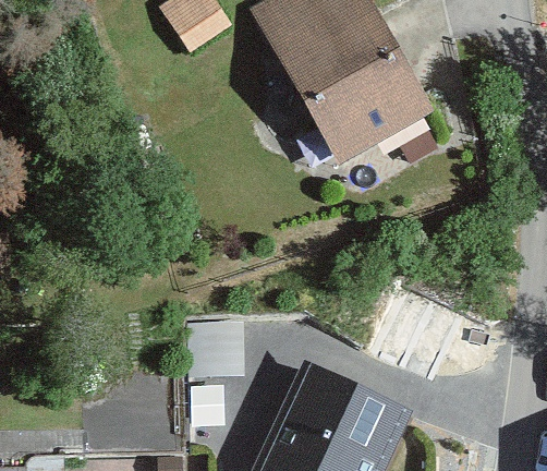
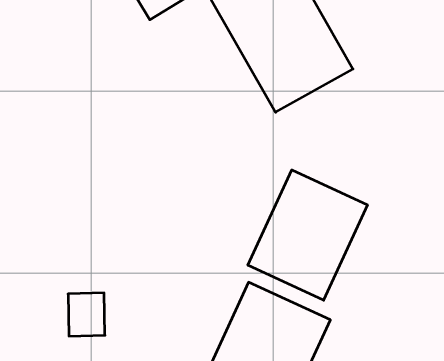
building: none -> [248,170,367,300]

